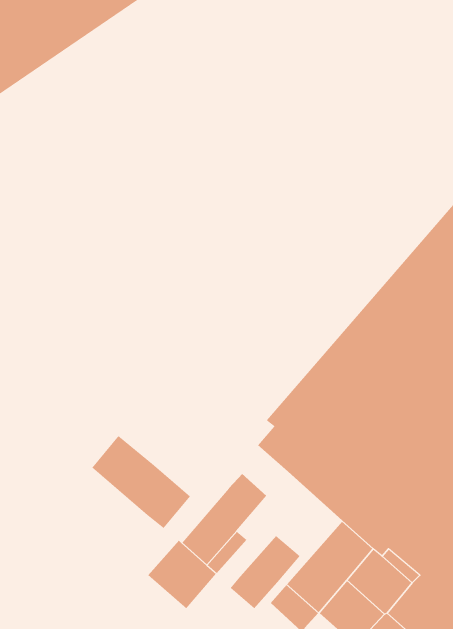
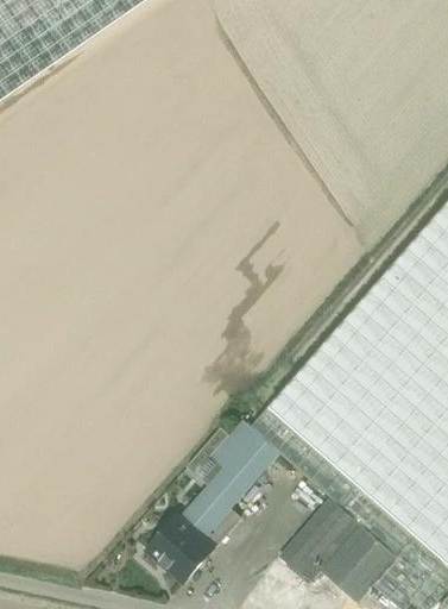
building: [91,435,191,529] -> none
building: none -> [212,420,279,475]
building: [230,535,301,609] -> none

